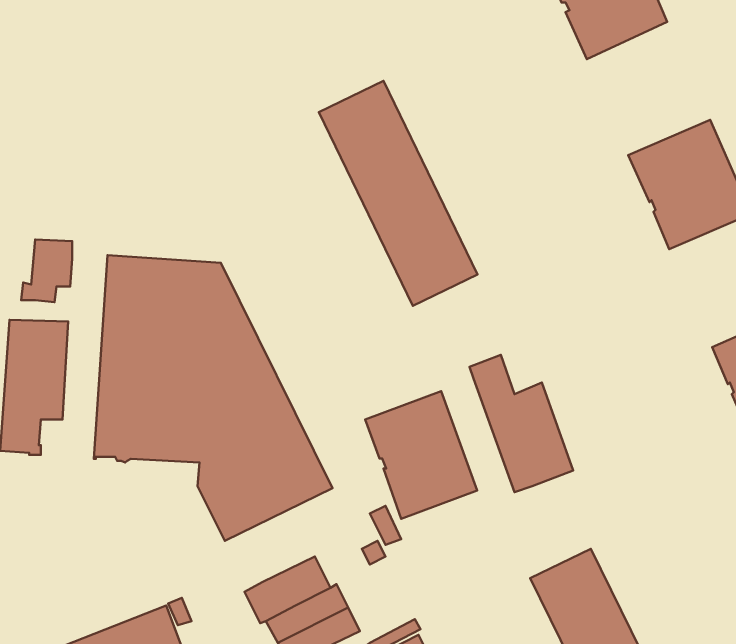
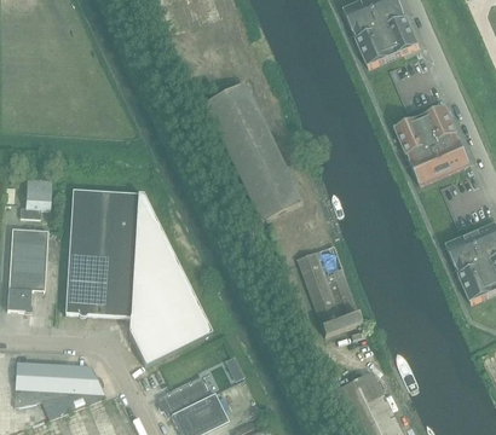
building: [365,391,477,519] -> none
building: none -> [13,361,105,418]

